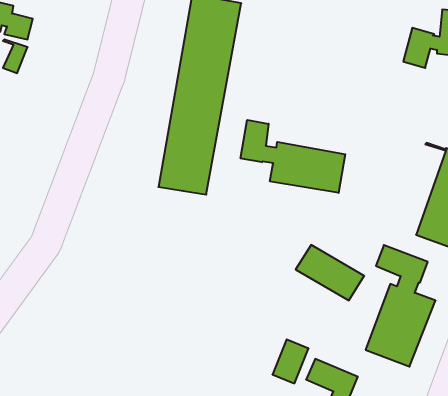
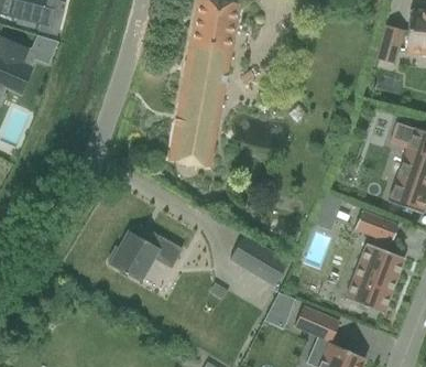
building: [241,120,345,193] -> none
building: [296,245,364,300] -> [230,237,288,284]
building: none -> [109,231,183,282]

